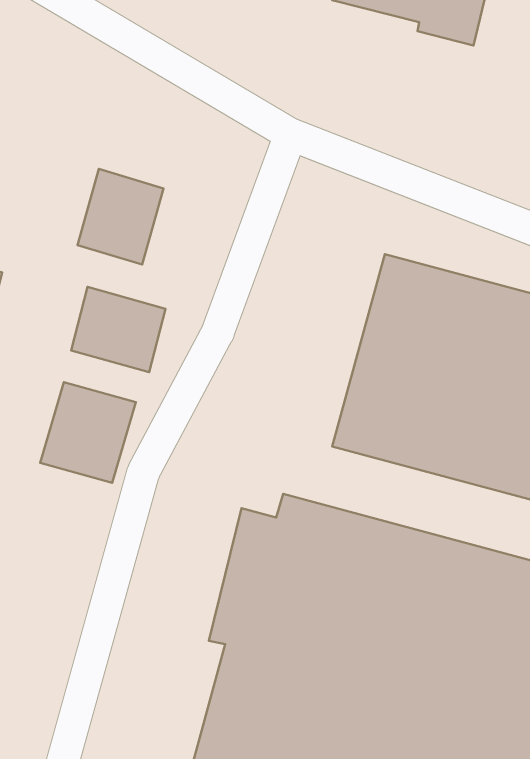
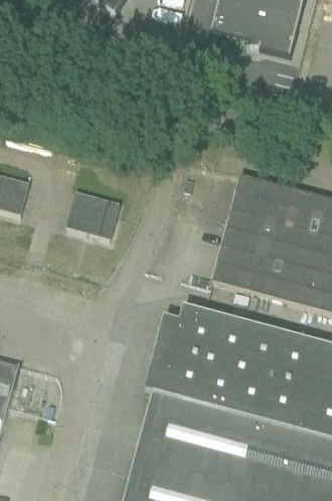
building: [78,169,163,264] -> none
building: [40,382,136,483] -> none

